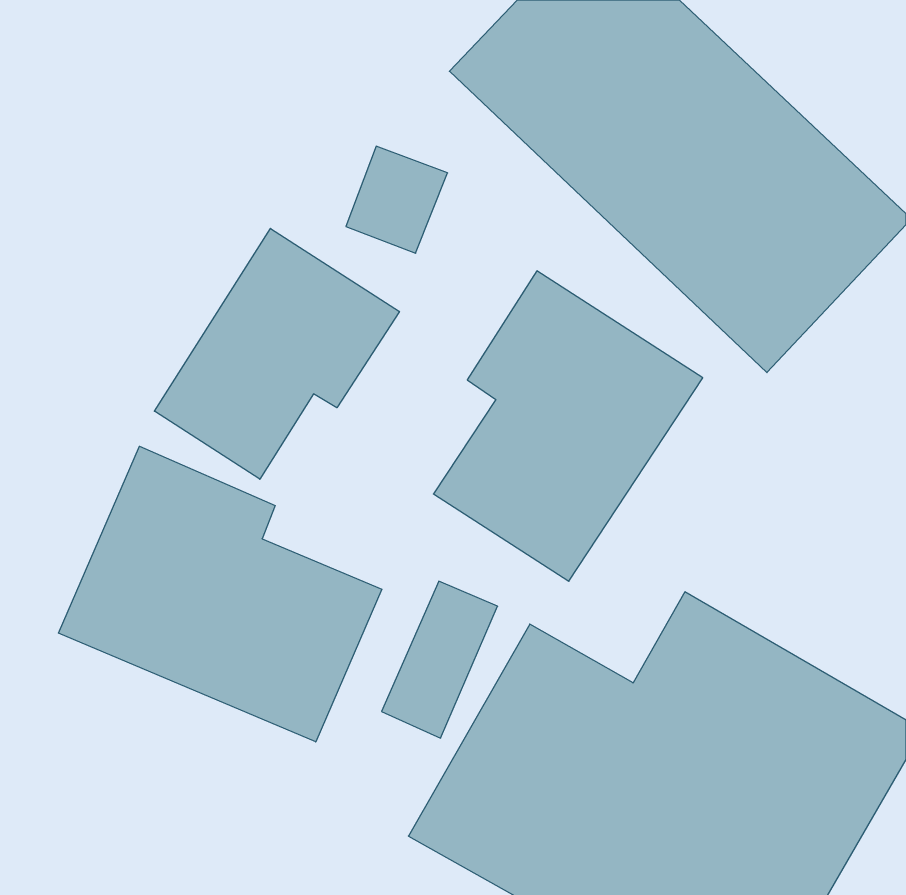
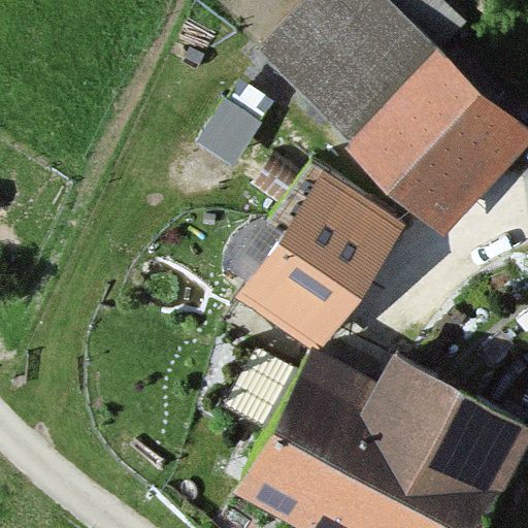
building: [154,228,399,479] -> none
building: [59,446,382,742] -> none

